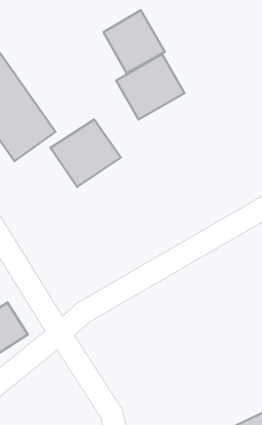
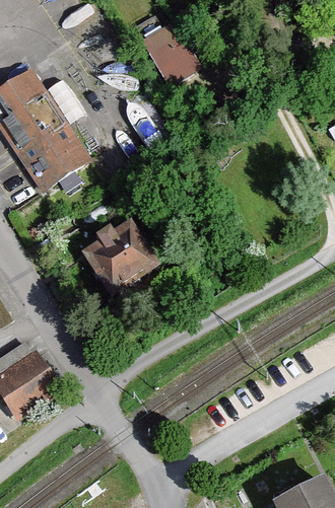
building: [116,54,185,119] -> none
building: [51,119,121,187] -> [80,220,160,297]

